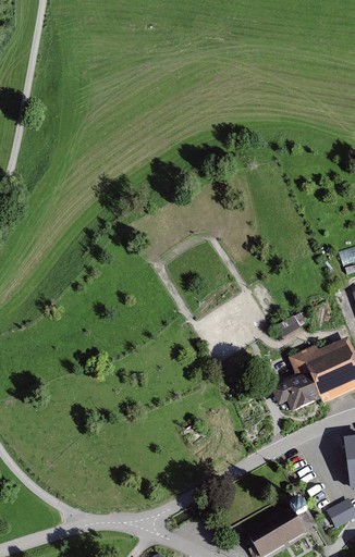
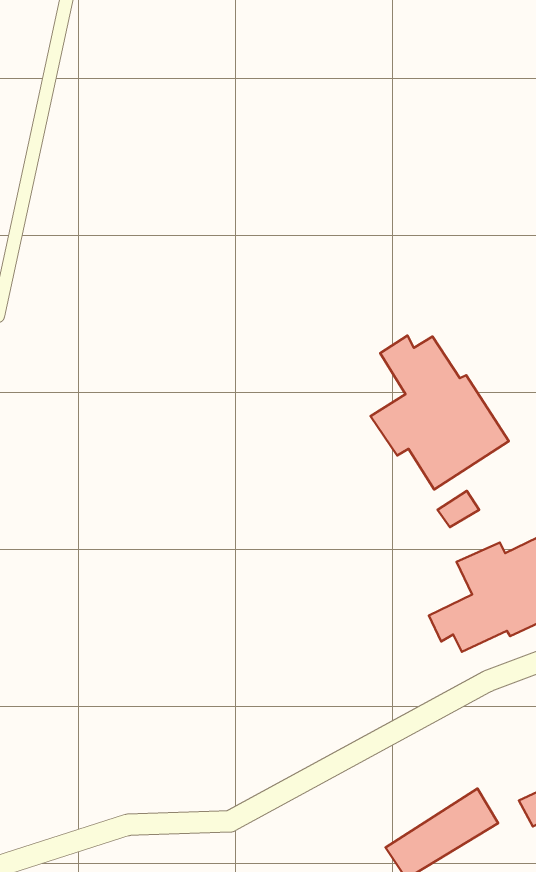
building: none -> [371,336,509,490]

